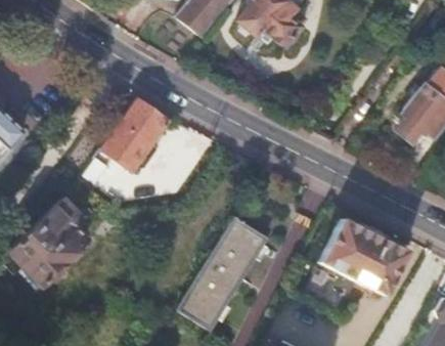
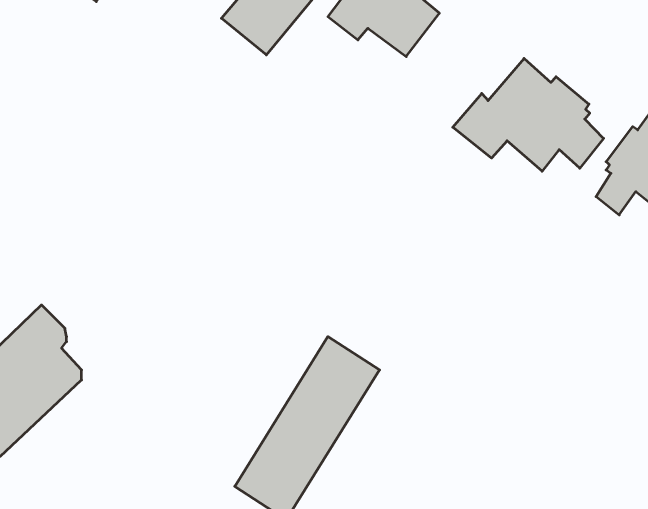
building: none -> [453,58,604,171]
building: [92,101,168,177] -> none
building: [322,216,408,294] -> none

